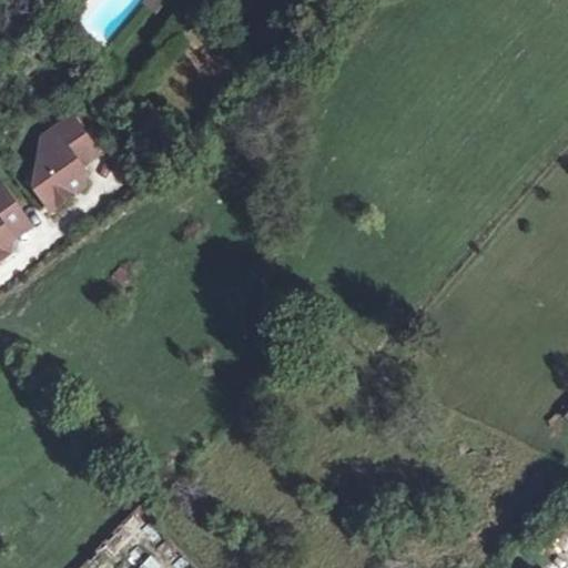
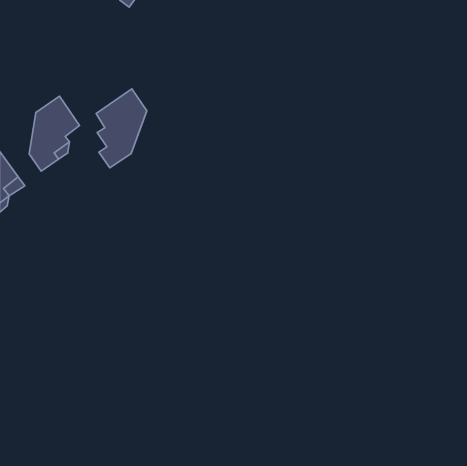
building: none -> [96,89,147,168]

